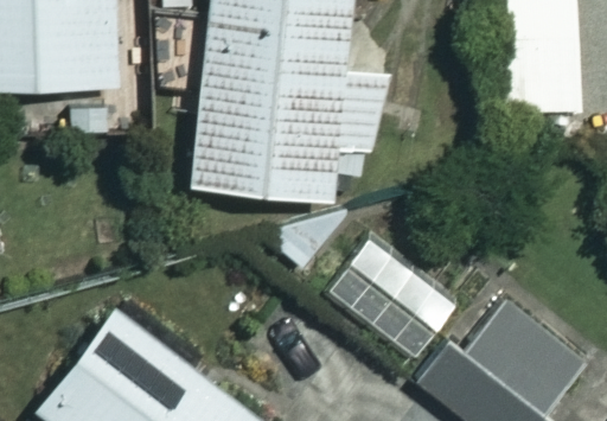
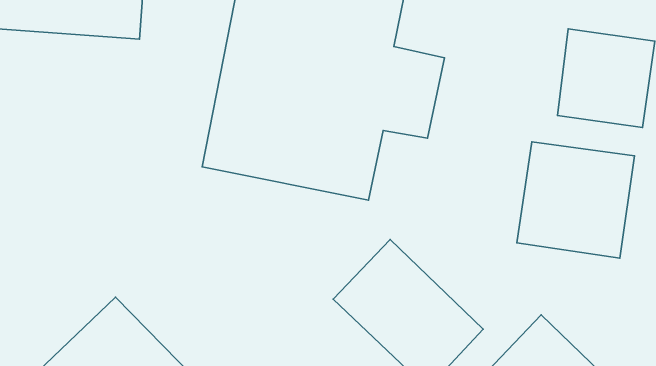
building: none -> [517,142,634,258]

